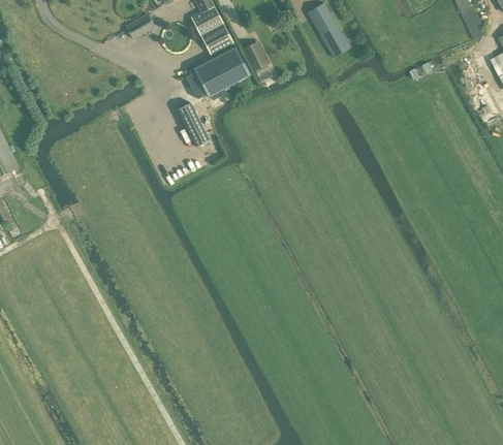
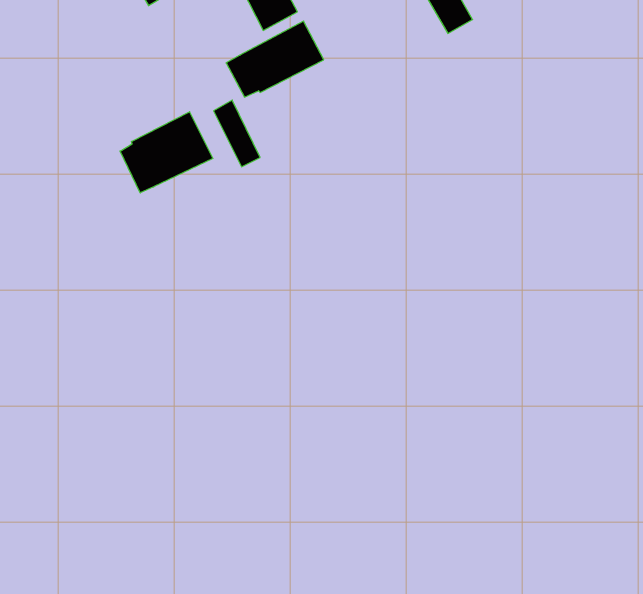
building: [244,40,270,70] -> none
building: none -> [120,112,213,193]

